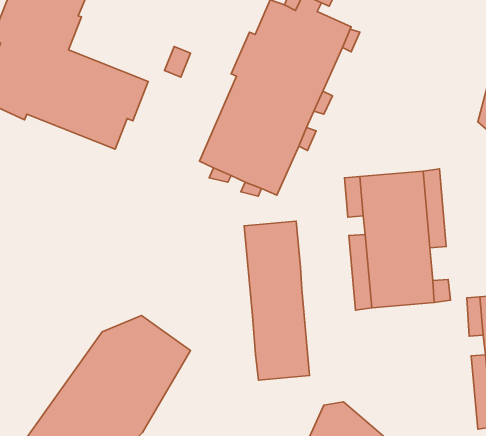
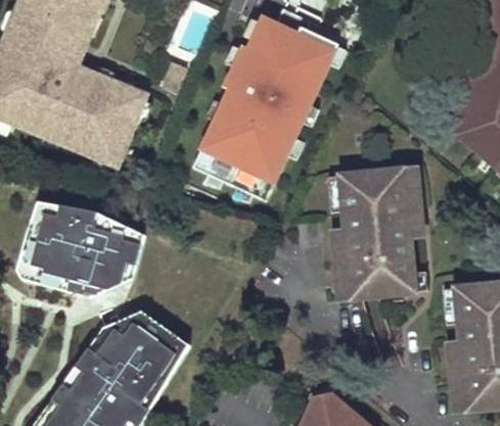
building: none -> [16,194,144,293]
building: [244,221,310,380] -> none

